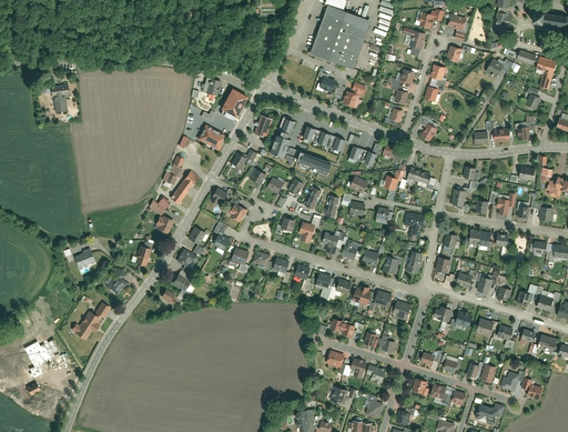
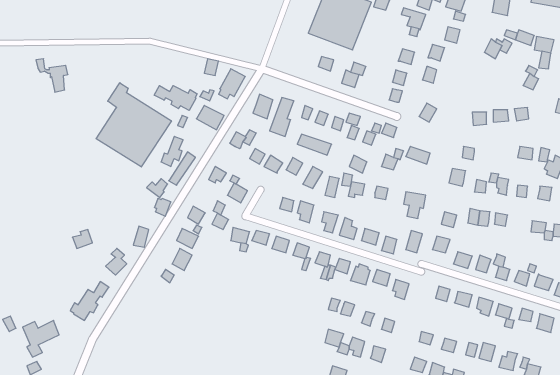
building: none -> [96,83,171,167]
building: none -> [154,86,197,110]

